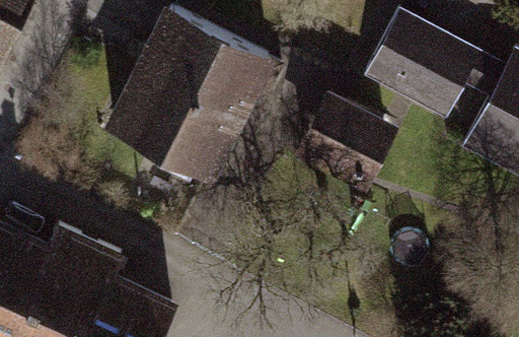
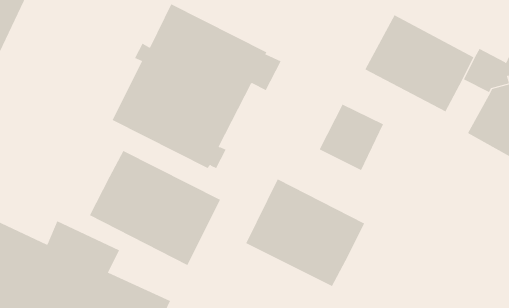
building: none -> [89,150,221,266]
building: none -> [245,179,365,287]

